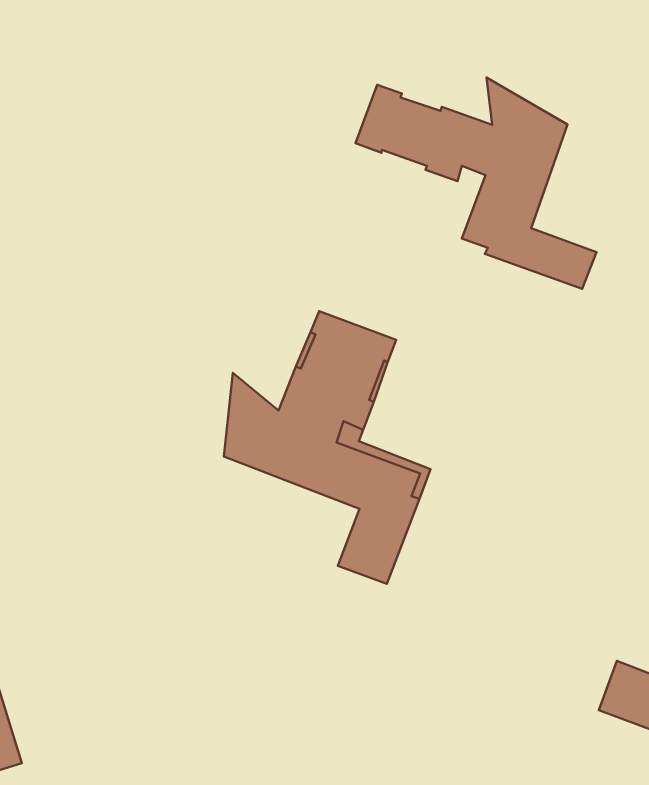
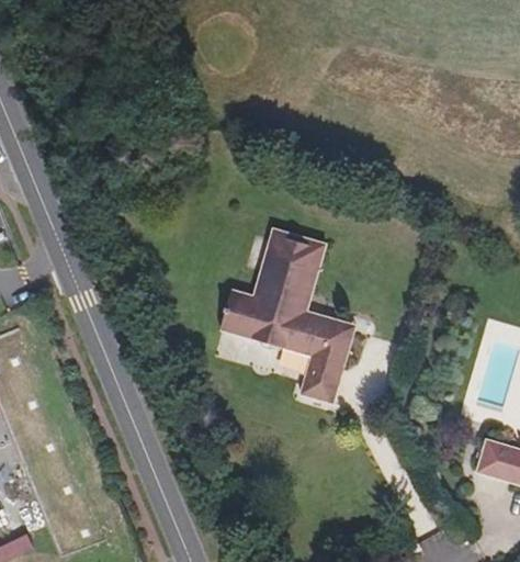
building: [356,78,596,289] -> none

